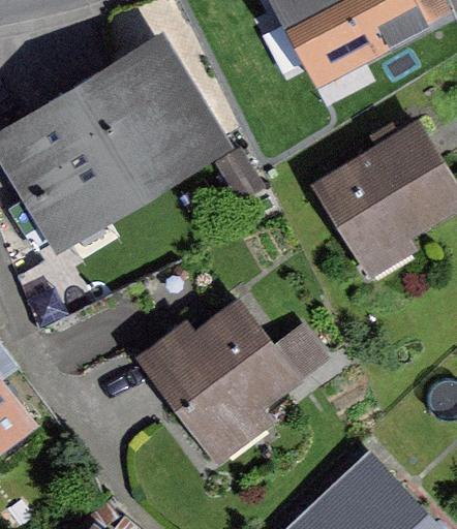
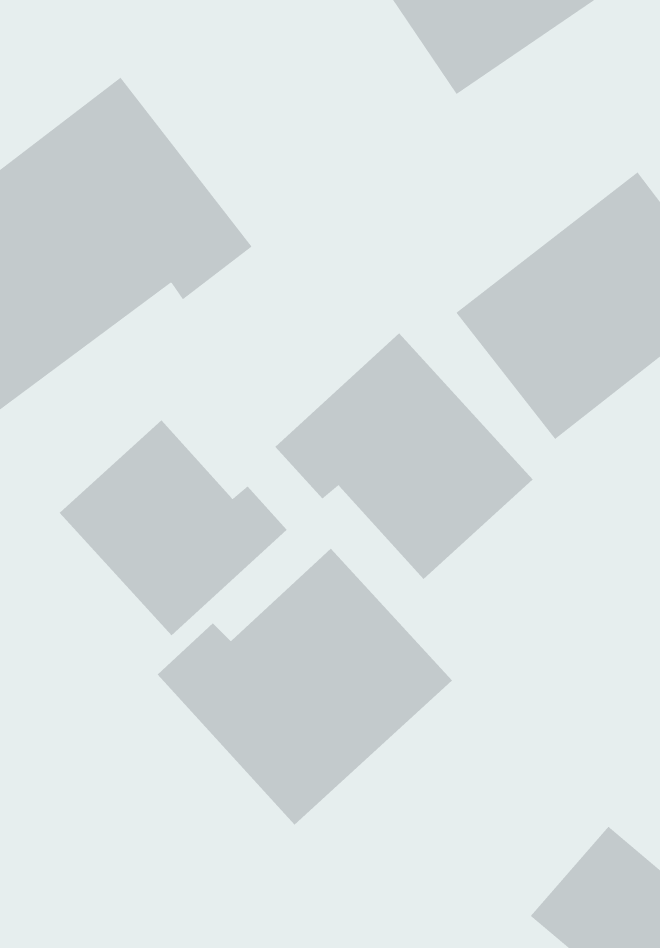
building: none -> [275,333,534,580]
building: none -> [59,420,288,636]

